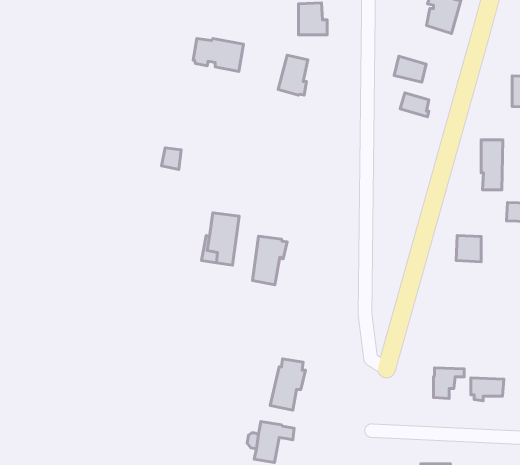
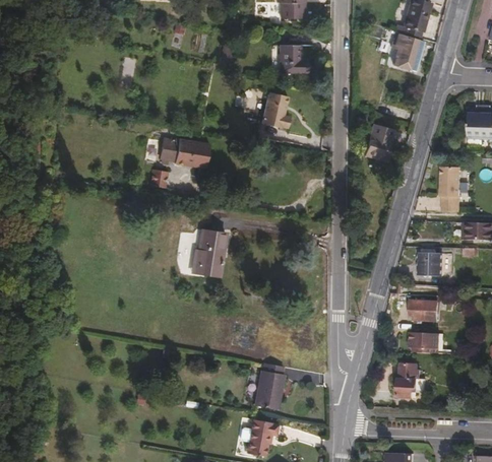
building: [193,38,244,71] -> [162,142,206,172]
building: [394,56,426,82] -> [365,139,393,162]
building: [252,236,287,285] -> none
building: none -> [411,300,438,320]
building: [471,378,504,401] -> [411,333,440,353]

